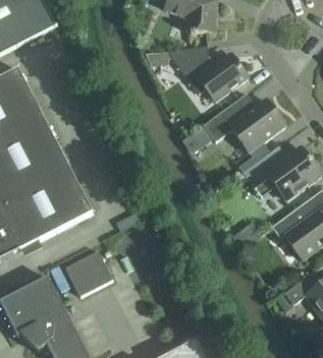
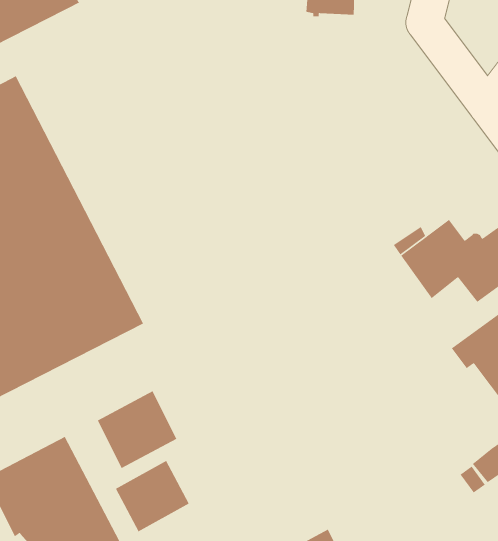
building: [166,46,248,101] -> none
building: [203,99,284,152] -> none
building: none -> [115,460,190,533]

